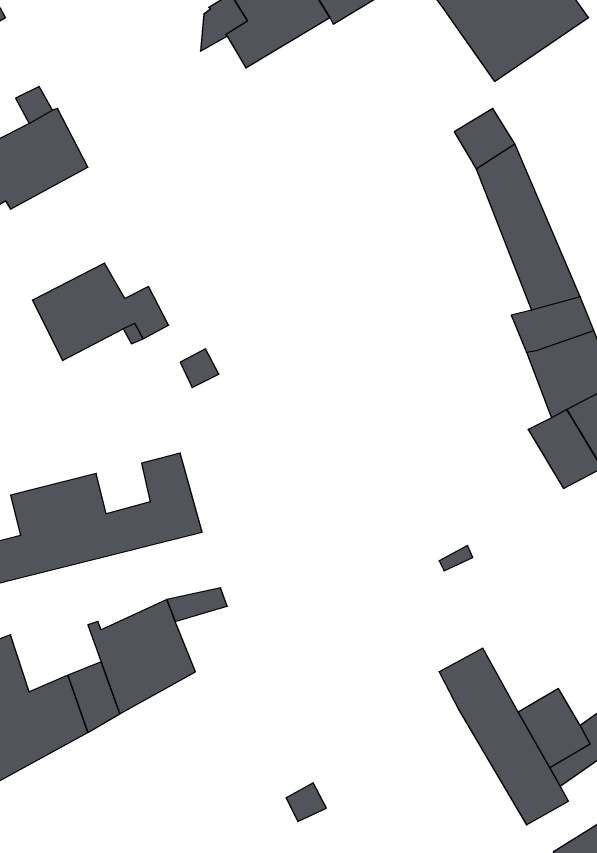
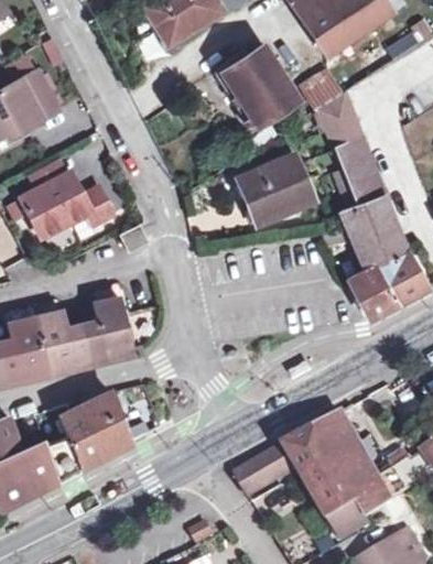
building: none -> [219,45,295,127]
building: none -> [236,154,315,226]
building: none -> [318,411,368,467]
building: none -> [237,441,303,495]

